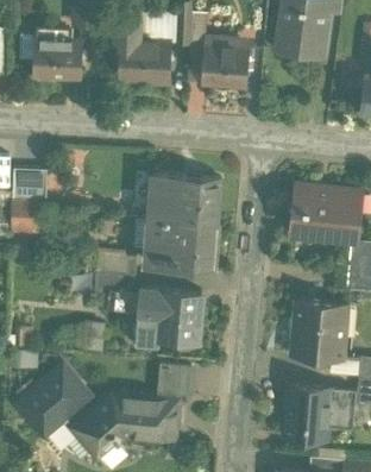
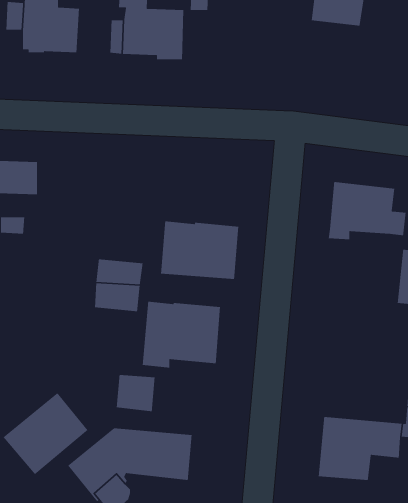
building: [202,44,250,87] -> none
building: [149,174,221,225] -> none
building: [291,300,348,360] -> none
building: [158,364,191,396] -> [116,374,155,412]

